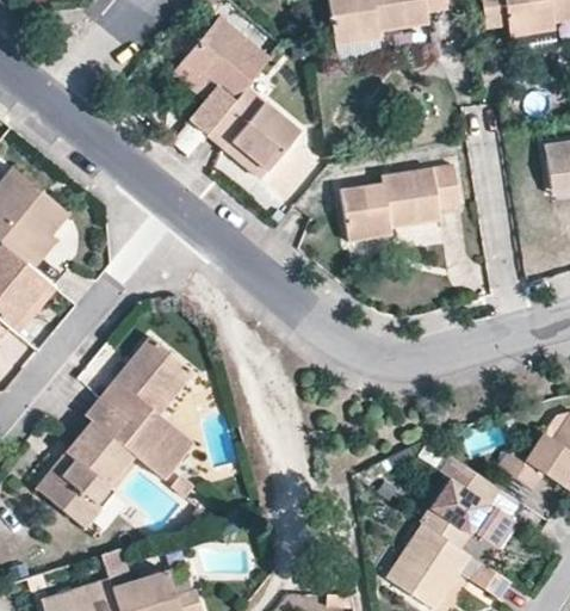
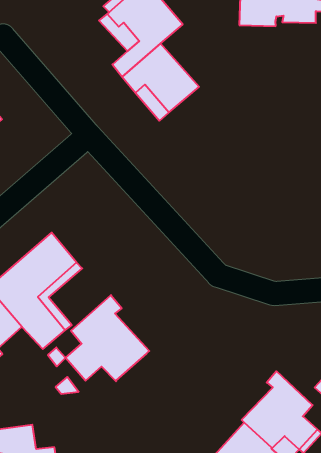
building: [335,165,457,245] -> none
building: none -> [65,295,149,381]

